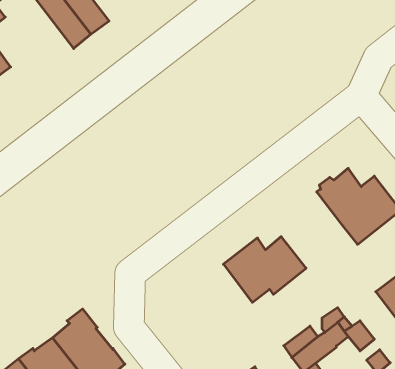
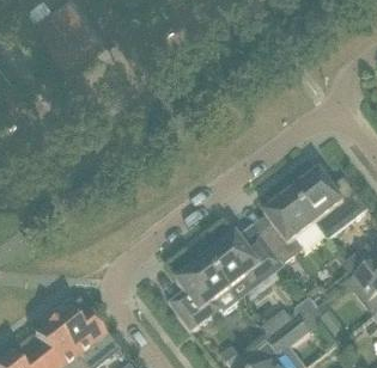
building: none -> [263,192,315,264]
building: none -> [168,258,239,332]

